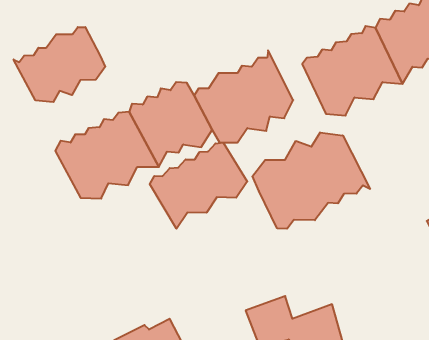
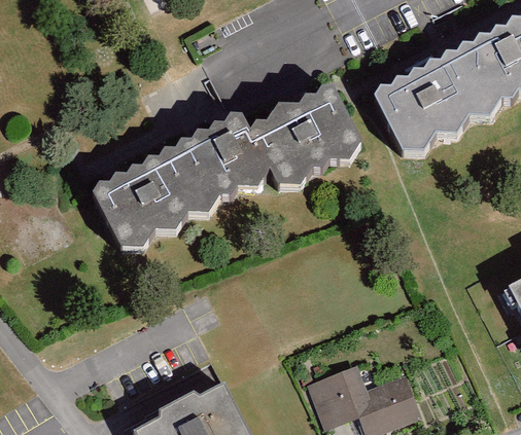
building: [14,27,105,102] -> none
building: [252,132,370,229] -> none
building: [150,143,247,229] -> none

